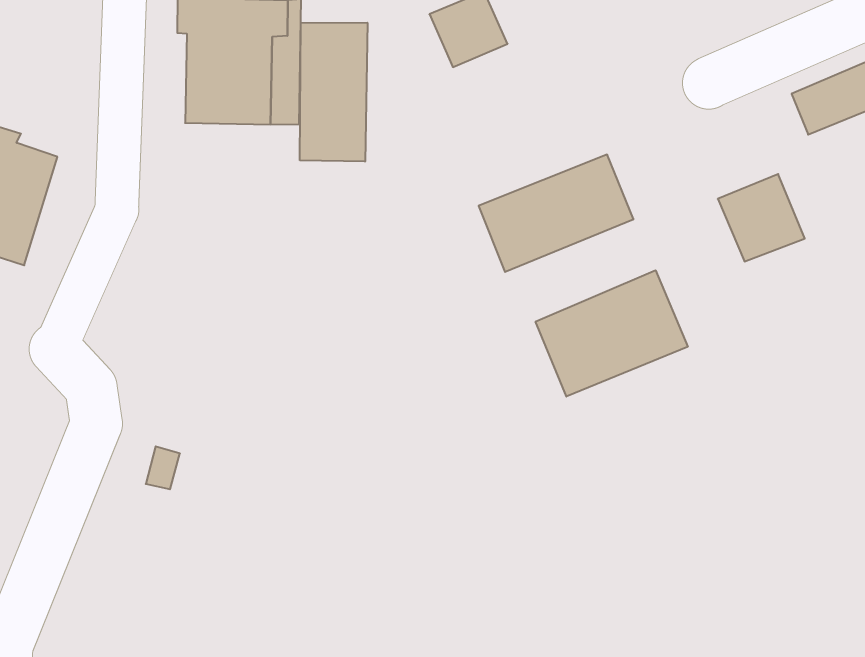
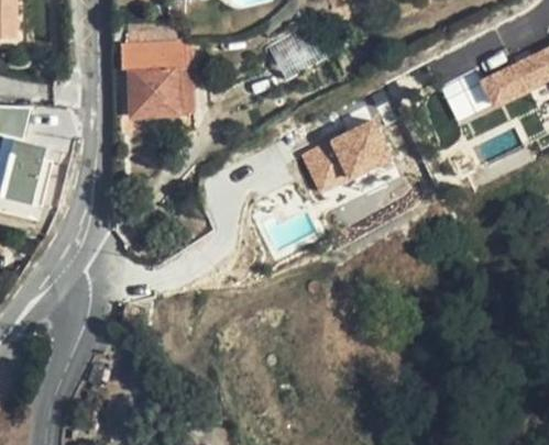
building: [300,22,367,162] -> none
building: [718,174,805,261] -> [437,71,488,123]
building: [536,270,688,397] -> none

